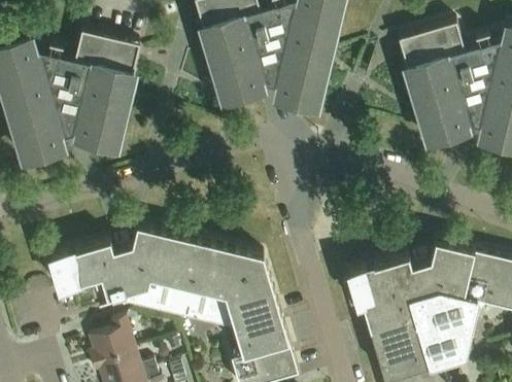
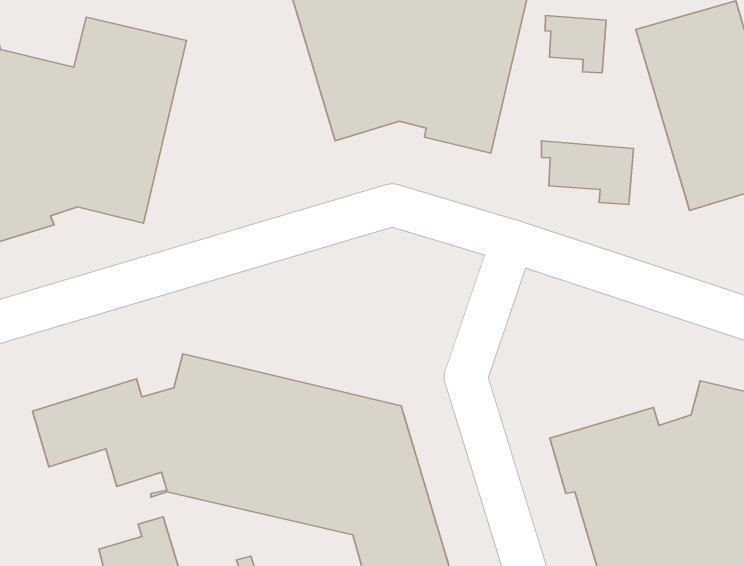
building: none -> [545,15,606,73]
building: none -> [542,141,633,205]

